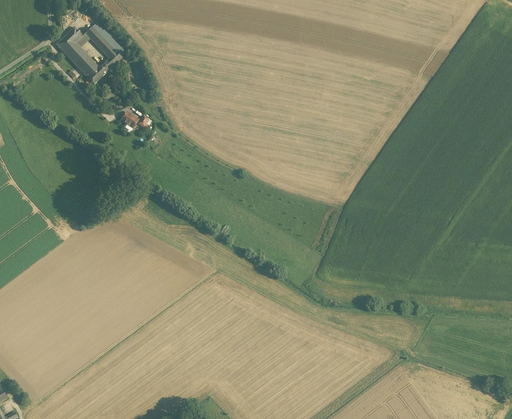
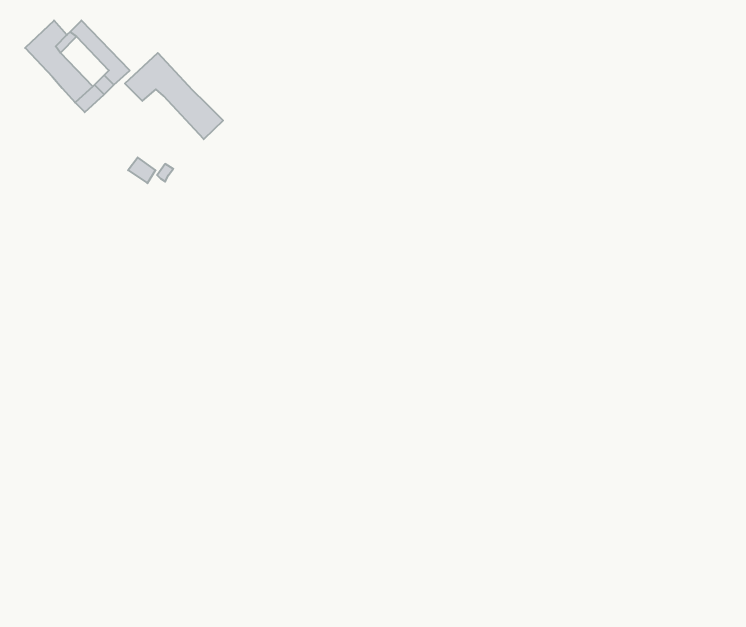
building: none -> [125,53,223,139]

